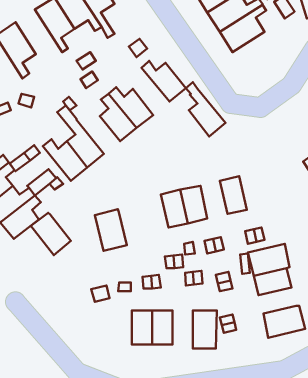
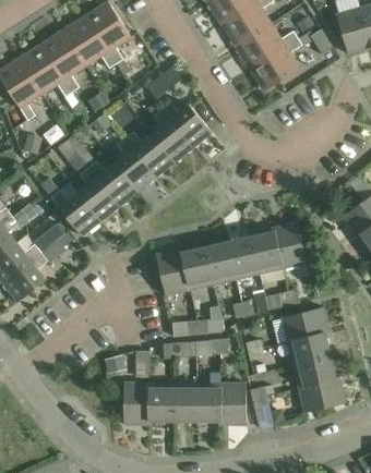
building: none -> [19,44,71,97]
building: [186,82,226,136] -> [147,101,192,162]
building: none -> [87,160,136,206]
building: none -> [271,222,306,269]
building: none -> [227,237,258,279]
building: [95,209,127,251] -> [155,248,191,295]
building: [31,213,71,255] -> none
building: none -> [292,356,335,386]
building: none -> [122,383,149,424]
building: none -> [195,383,218,421]

